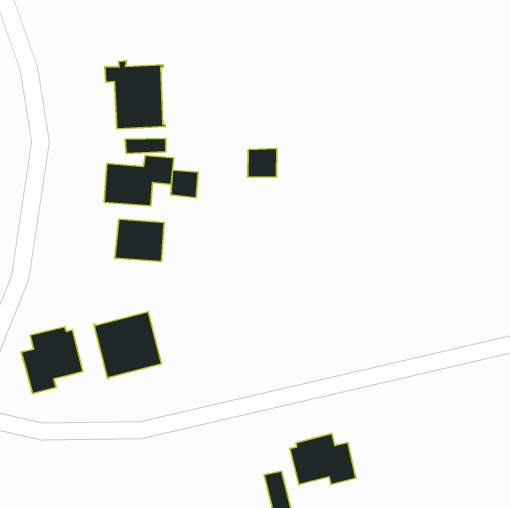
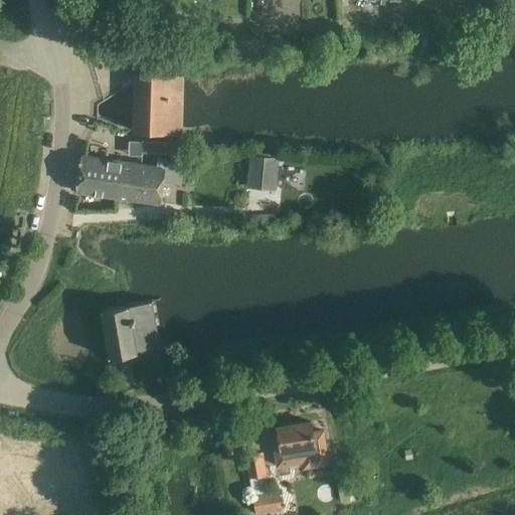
building: [171,170,198,198] -> none
building: [115,219,164,261] -> [75,158,123,199]
building: [21,327,83,393] -> none

